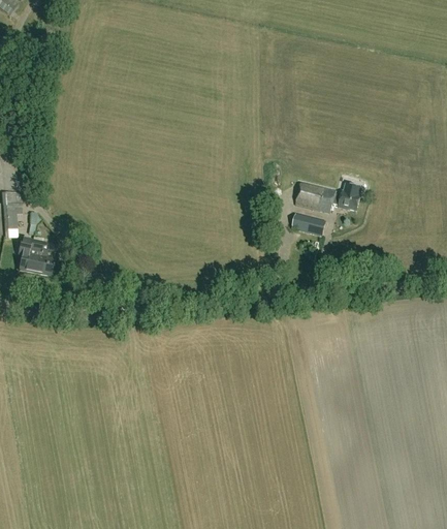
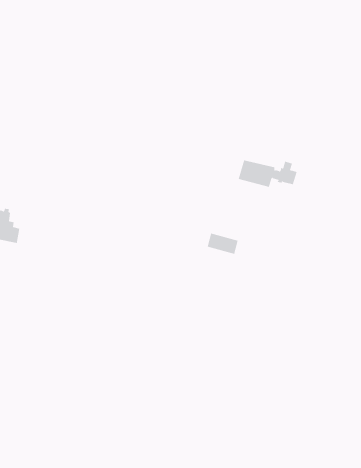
building: [290,211,325,235] -> [207,233,238,254]

